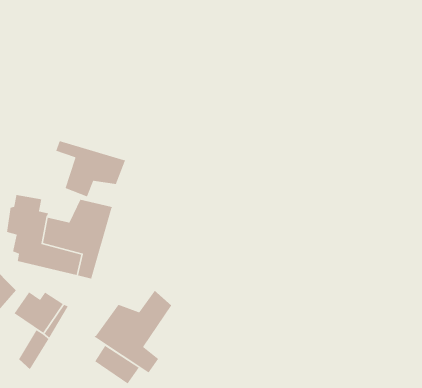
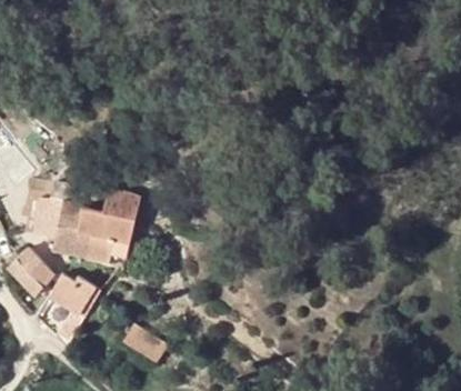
building: [55,140,126,198] -> none
building: [93,290,172,374] -> none

